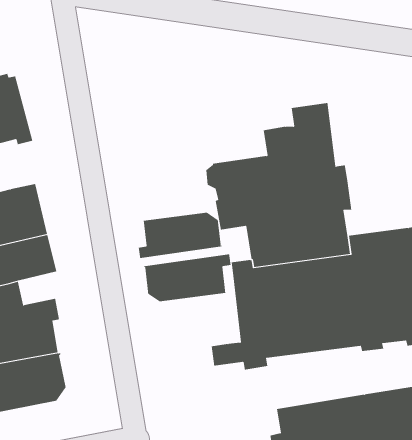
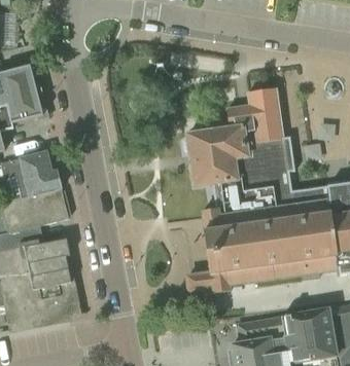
building: [138,212,223,259] -> none
building: [143,253,231,302] -> none

